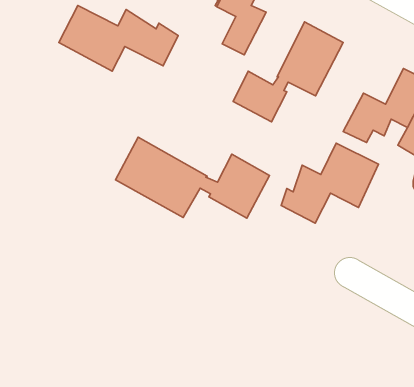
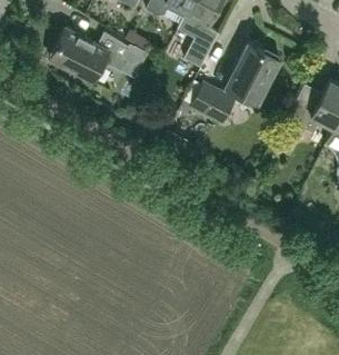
building: [115,137,270,218] -> none
building: [281,143,378,223] -> none

